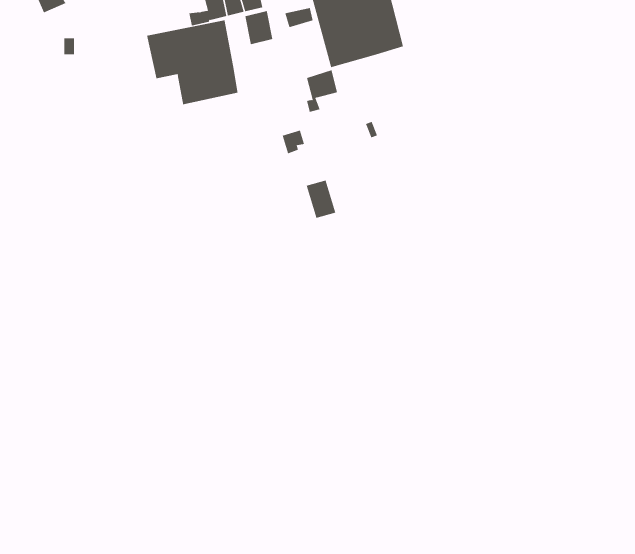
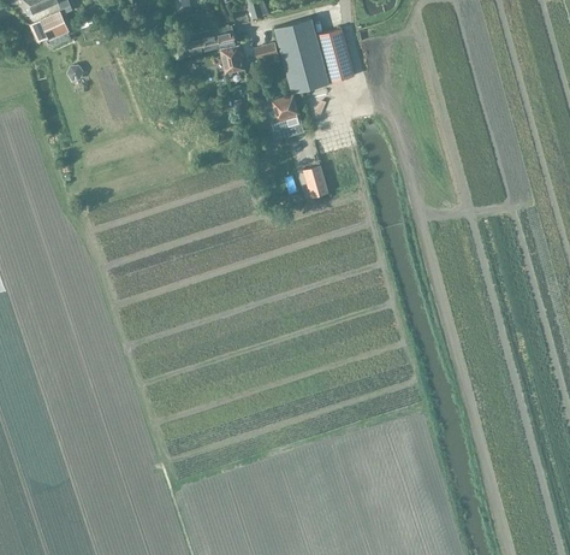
building: [147,20,238,105] -> none
building: [306,180,336,219] -> [299,164,325,196]

